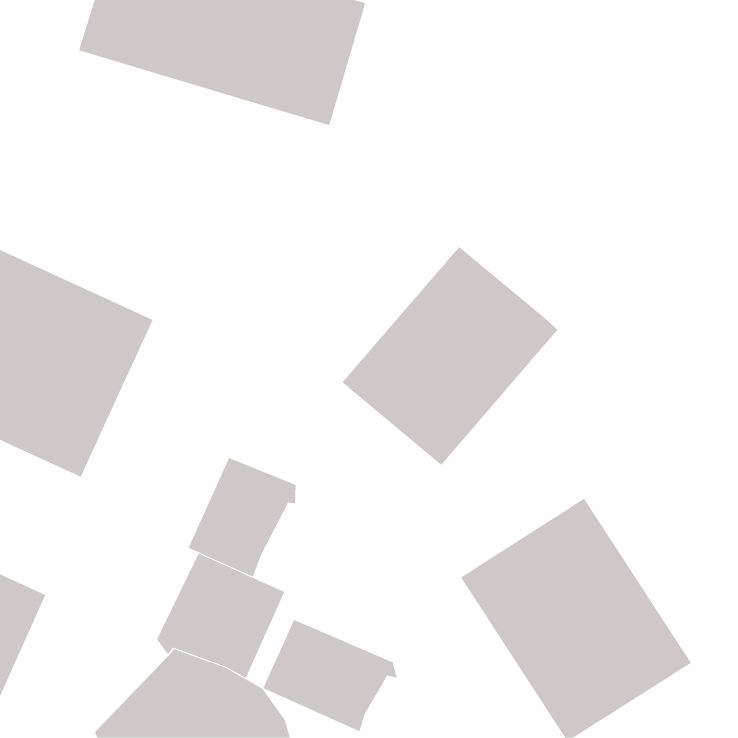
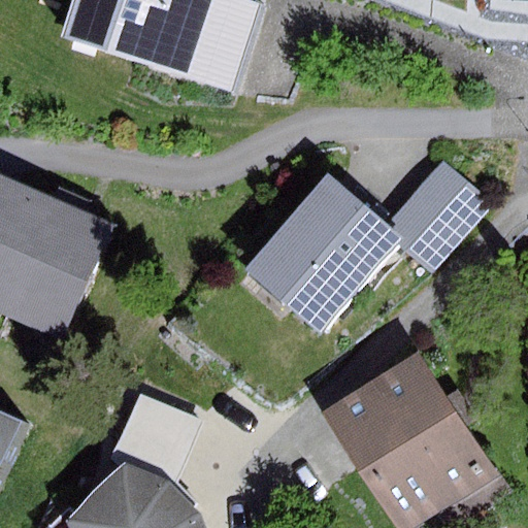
building: none -> [387,161,492,268]
building: [188,457,296,578] -> none
building: [263,619,397,732] -> none

